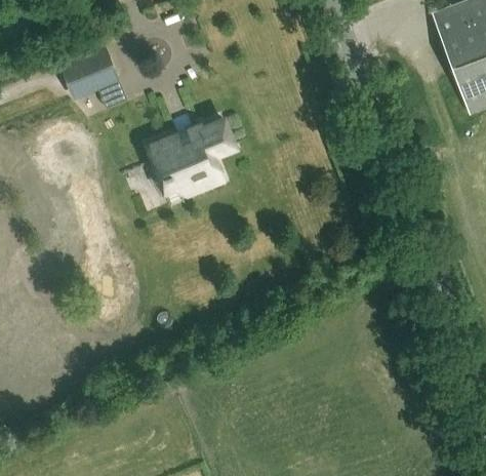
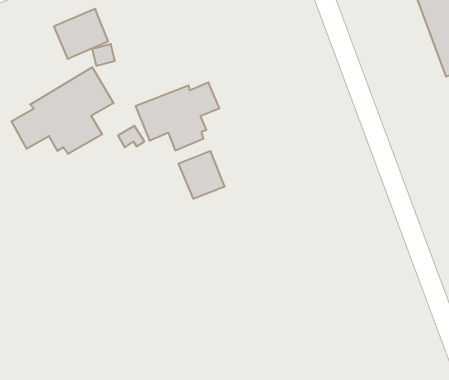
building: none -> [11,67,114,154]
building: none -> [179,151,225,199]

